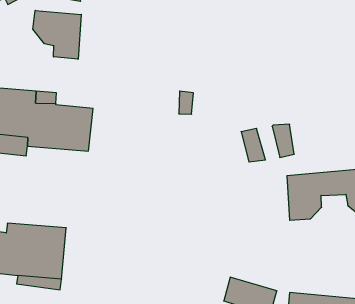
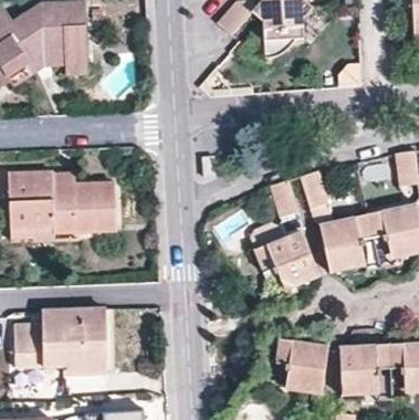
building: [33,10,81,59] -> none
building: none -> [253,223,318,286]

